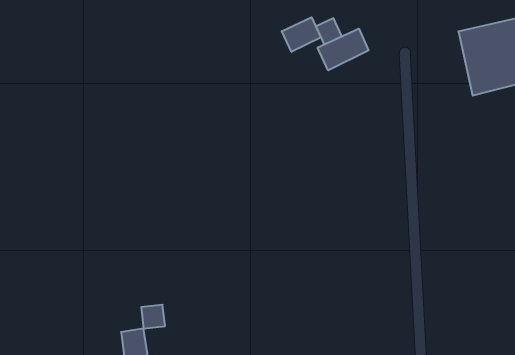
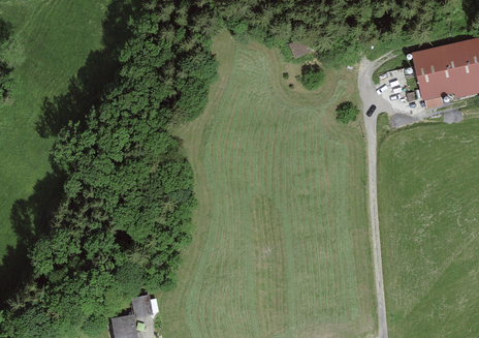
building: [282,17,321,52] -> none
building: [318,29,369,70] -> none

